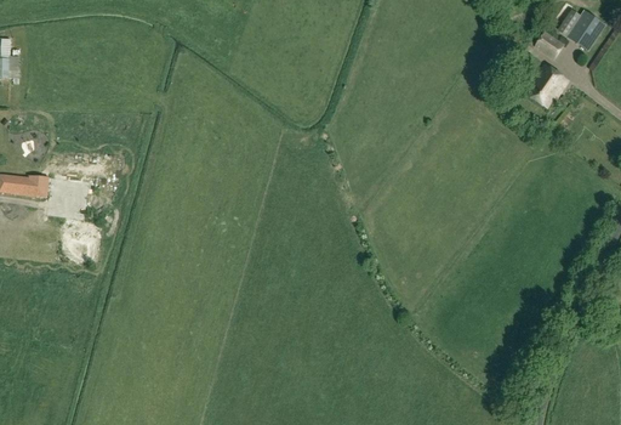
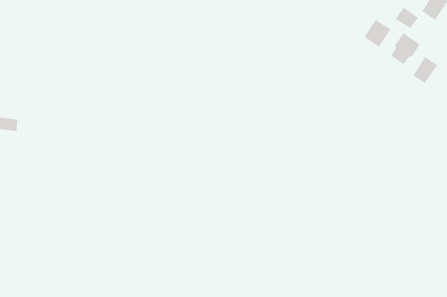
building: none -> [364,19,392,48]
building: none -> [412,56,438,84]

